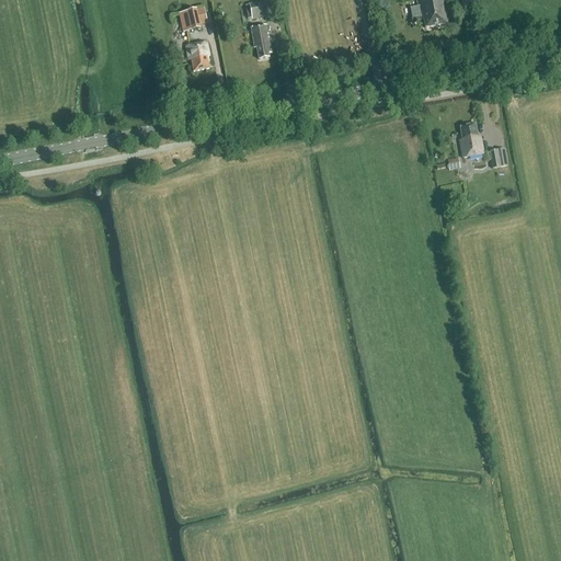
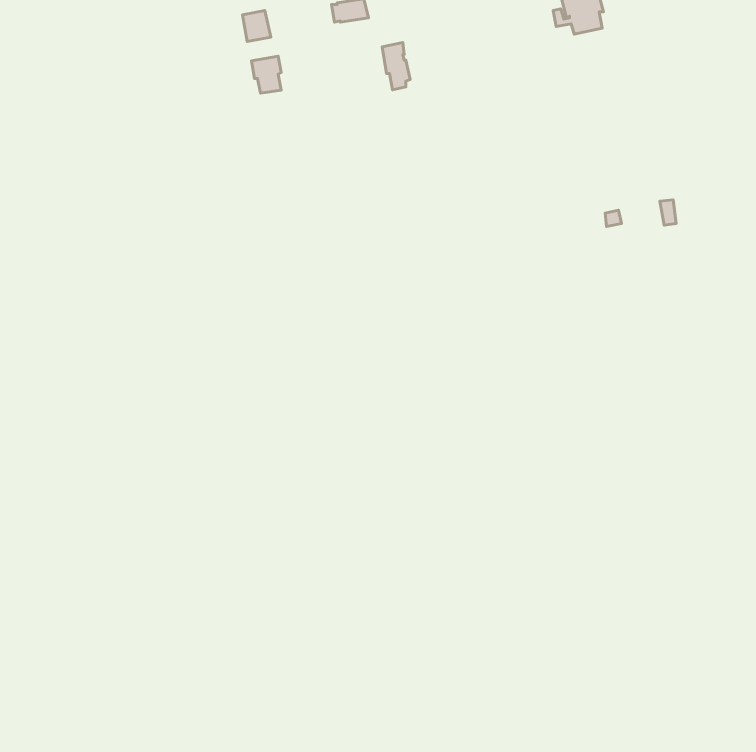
building: [251,23,272,58] -> [382,43,410,90]
building: [458,123,484,157] -> none

